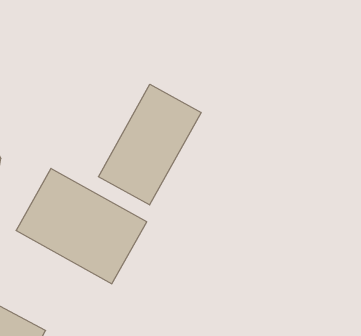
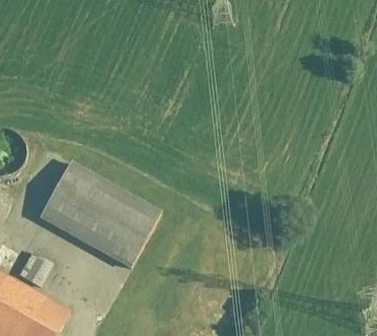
building: [98,84,201,205] -> none

